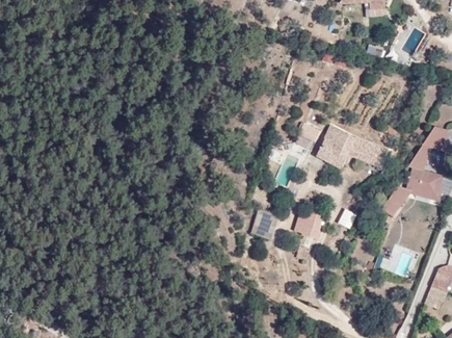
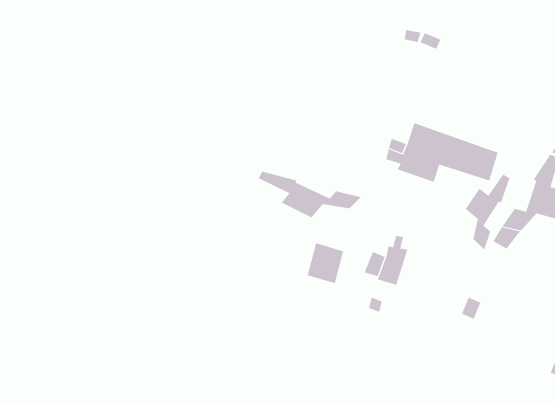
building: none -> [258,171,362,218]
building: none -> [465,174,510,250]

